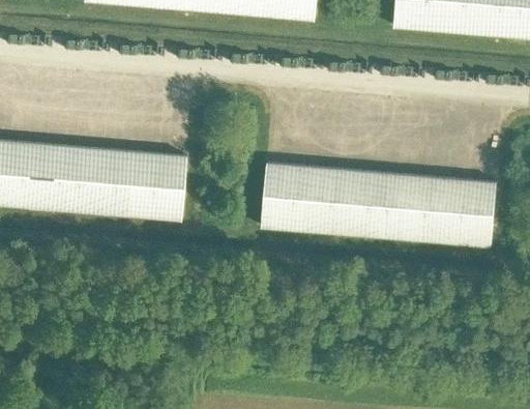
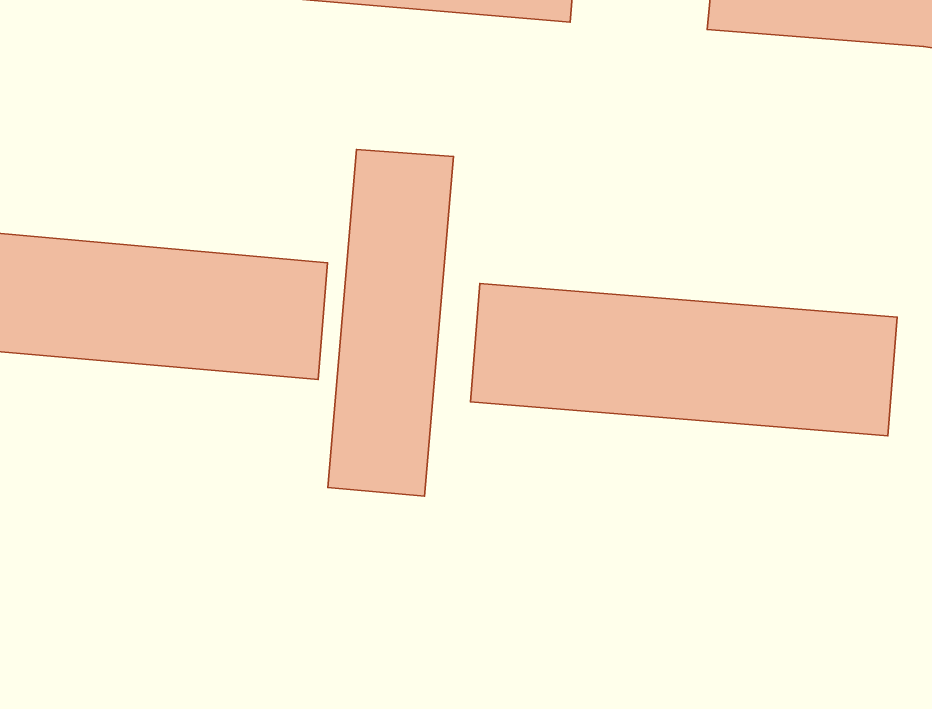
building: none -> [328,149,453,496]

